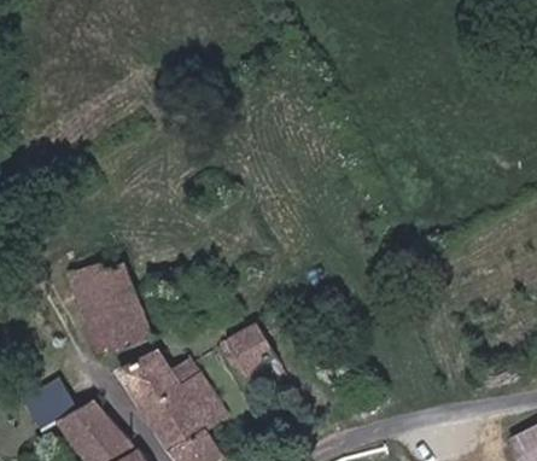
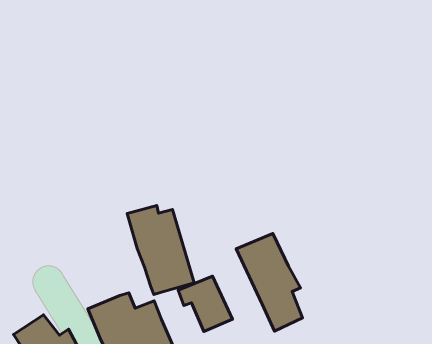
building: [72,263,152,363] -> [127,205,194,295]
building: none -> [236,233,303,331]

